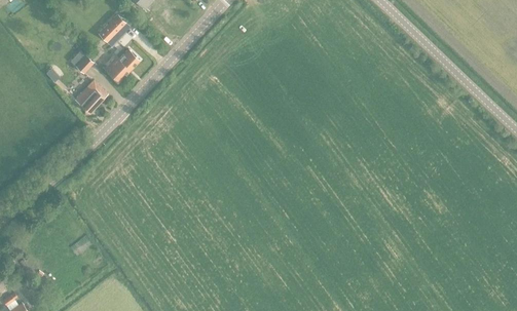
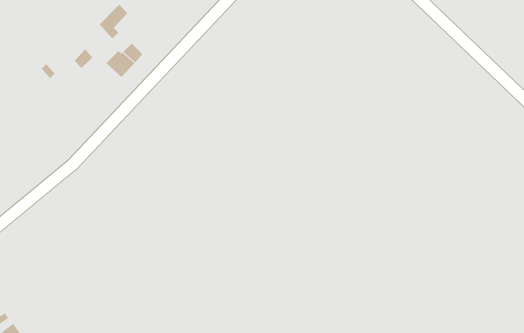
building: [74,83,107,112] -> none

